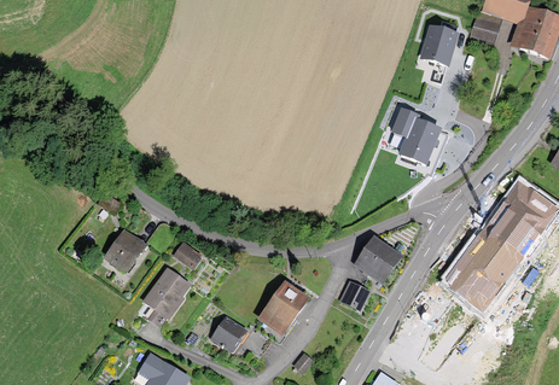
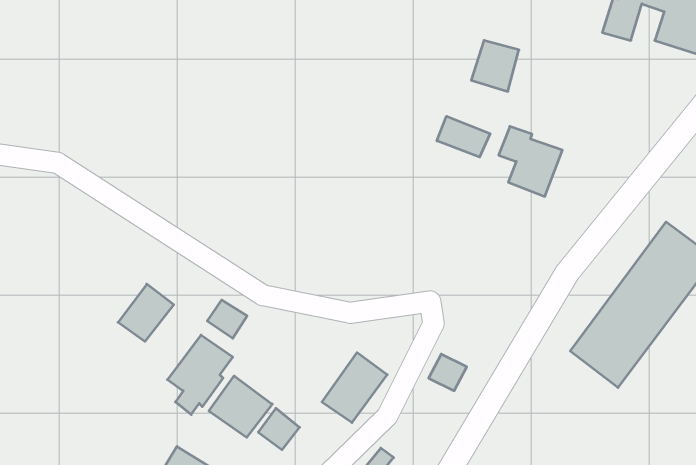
building: [420,25,456,64] -> [471,40,519,91]
building: none -> [437,116,490,157]
building: [353,234,402,284] -> none
building: none -> [209,376,272,437]

